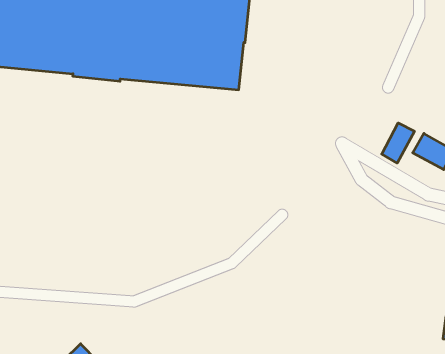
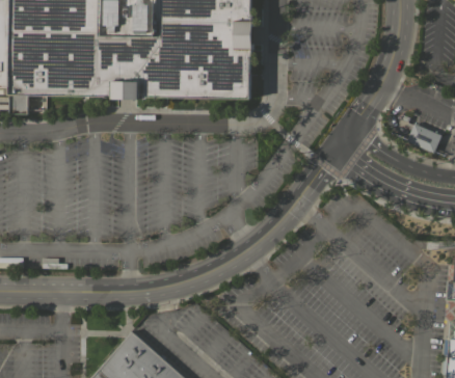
building: [382,123,414,163] -> none

